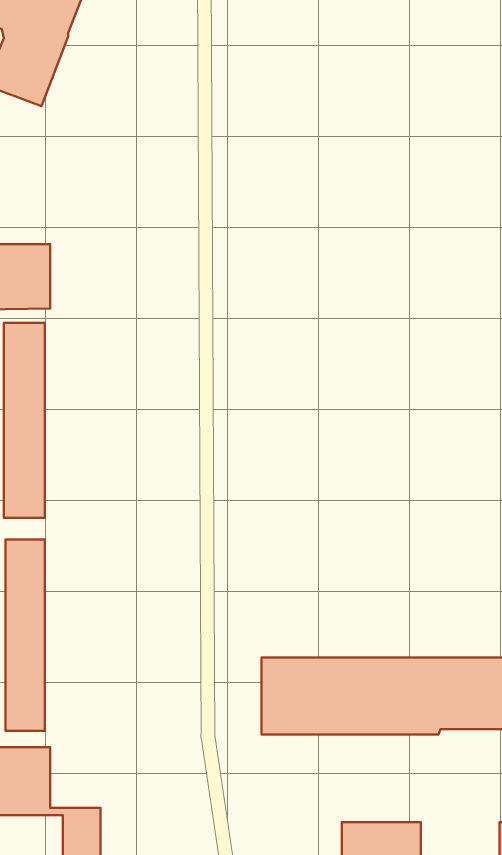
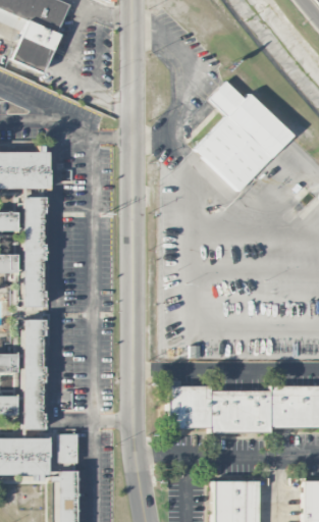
building: none -> [197,82,294,191]
building: none -> [58,433,77,462]

